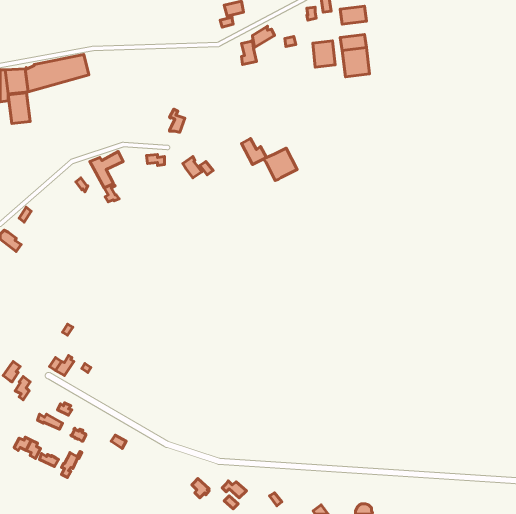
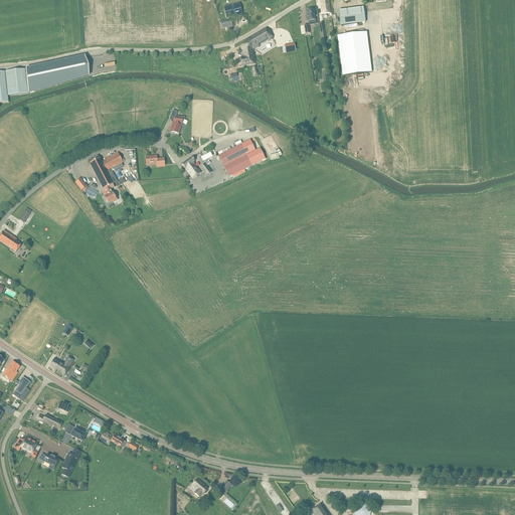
building: [313,41,335,67] -> none
building: [8,93,30,123] -> none
building: [264,148,297,181] -> [218,143,251,175]

